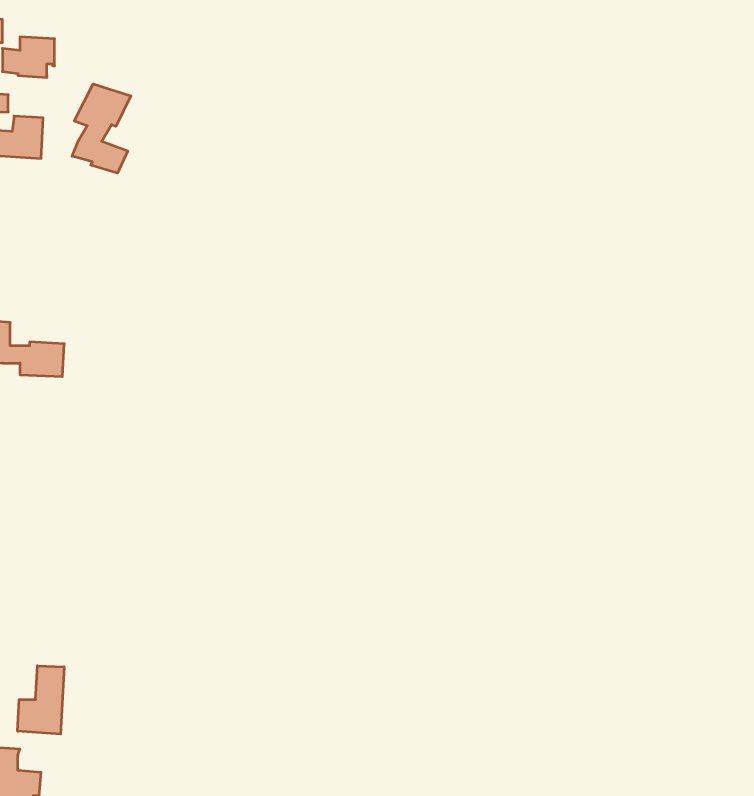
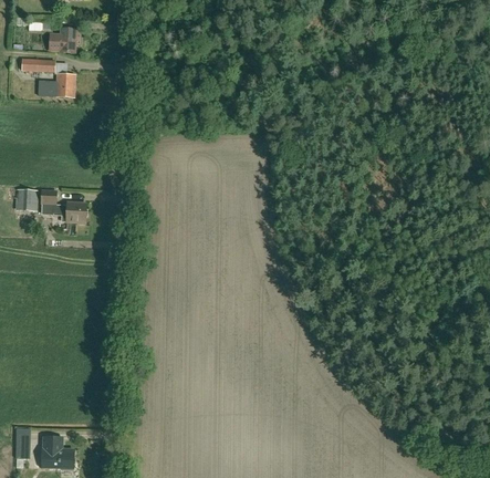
building: [72,84,131,173] -> none
building: [18,666,64,734] -> none

